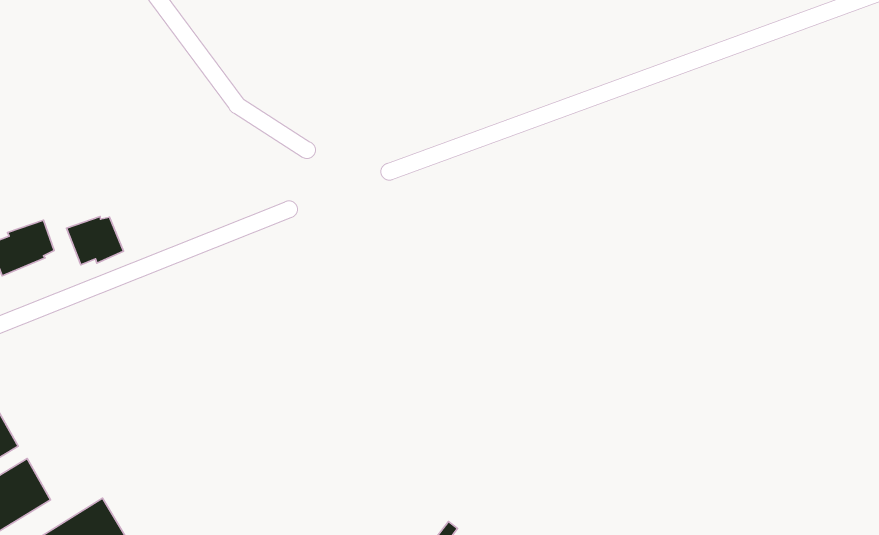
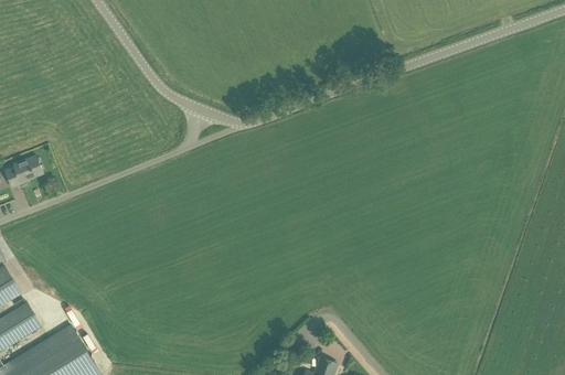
building: [67,217,123,265] -> none

